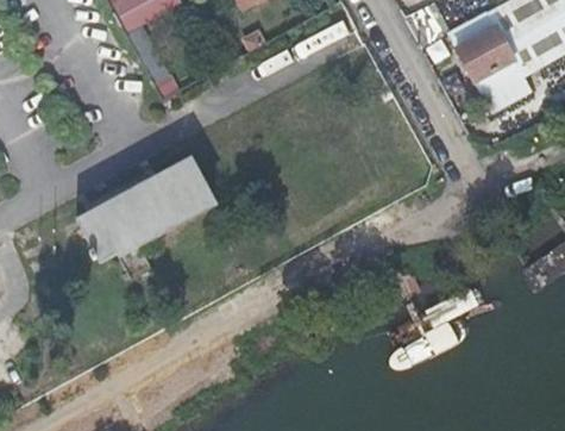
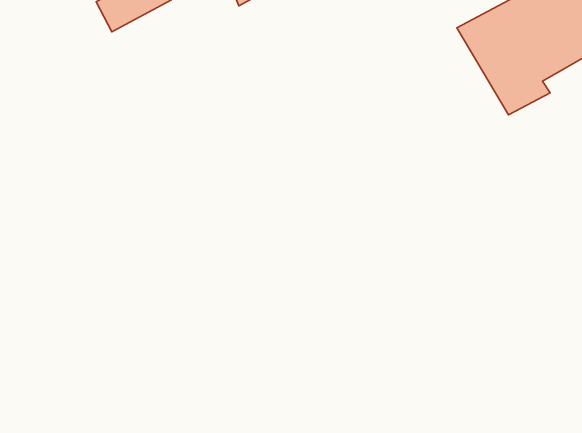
building: [76,160,208,258] -> none

